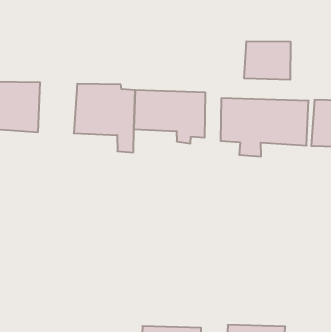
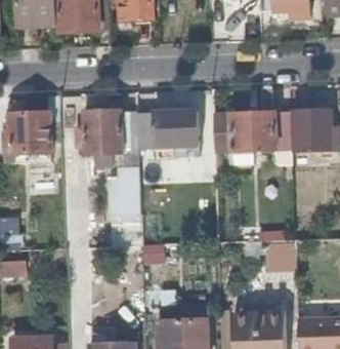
building: [244,41,290,80] -> none
building: none -> [105,168,135,216]
building: none -> [263,242,292,274]

